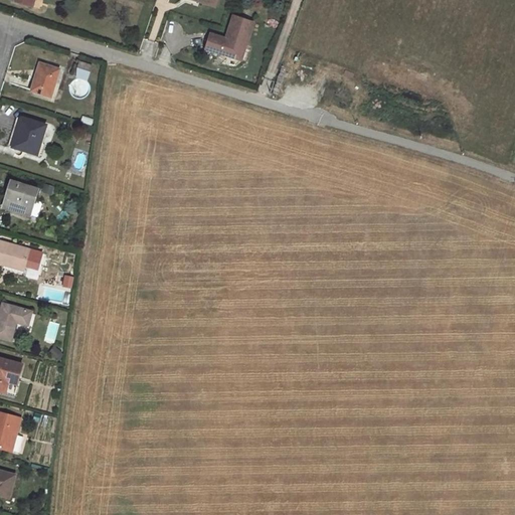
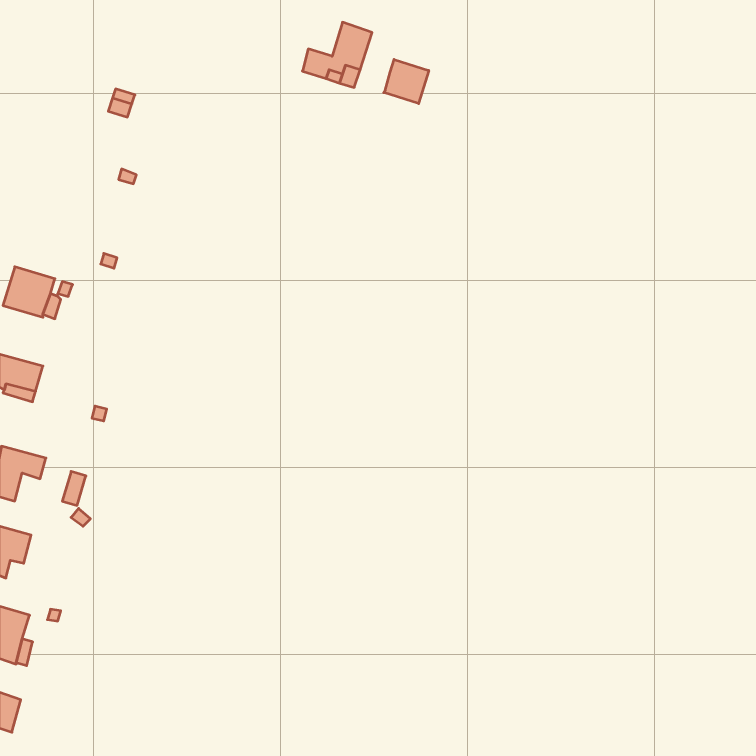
building: none -> [384,59,429,104]
building: [31,63,58,96] -> none
building: [12,118,45,154] -> none

